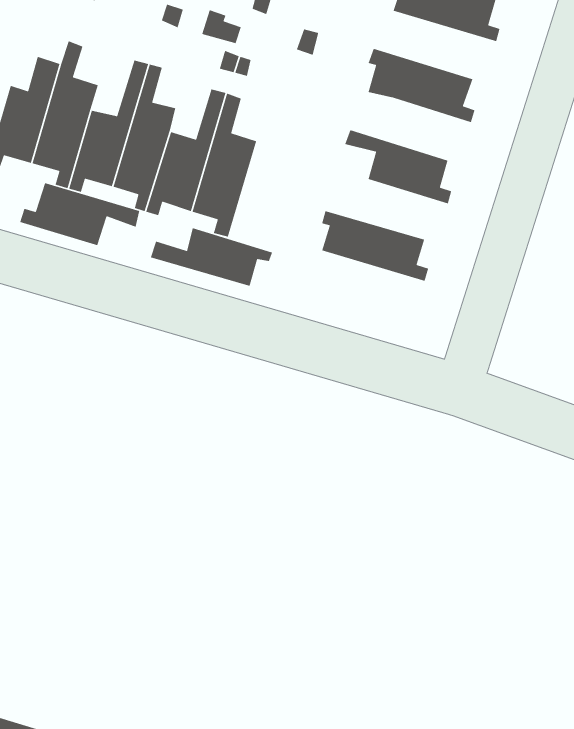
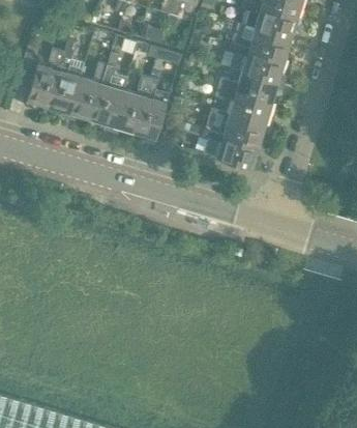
building: none -> [231,24,297,61]
building: none -> [218,72,284,105]
building: [19,182,140,246] -> none
building: [150,227,273,287] -> [205,115,271,147]

